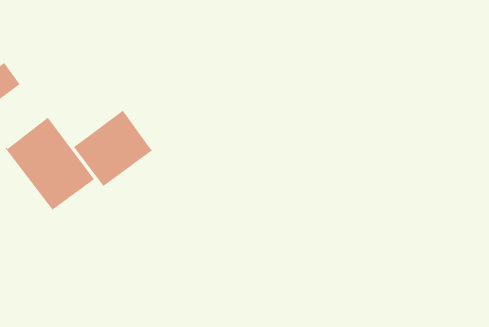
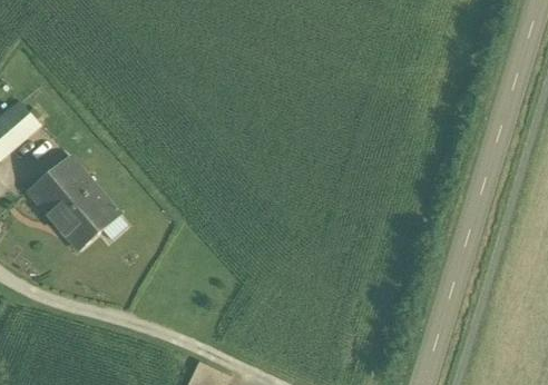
building: [73,110,154,187] -> none

